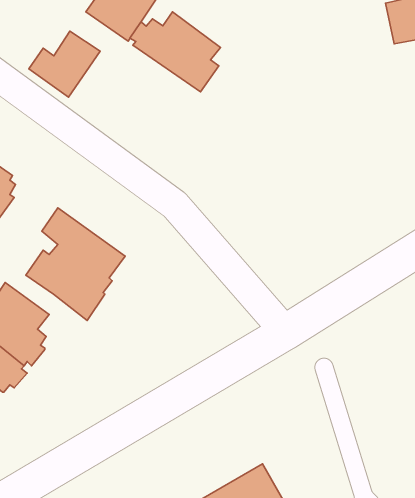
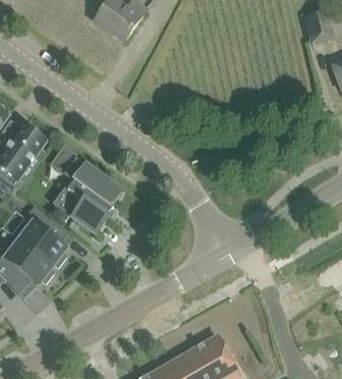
building: [130,12,221,92] -> none
building: [29,31,100,97] -> none

